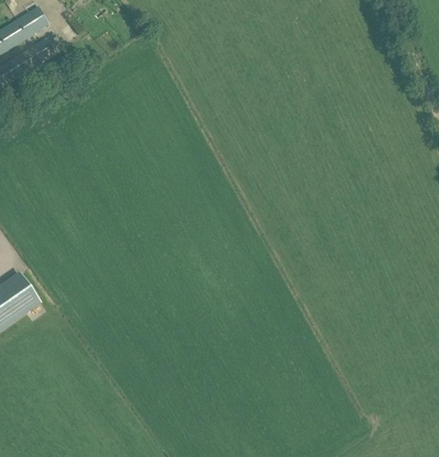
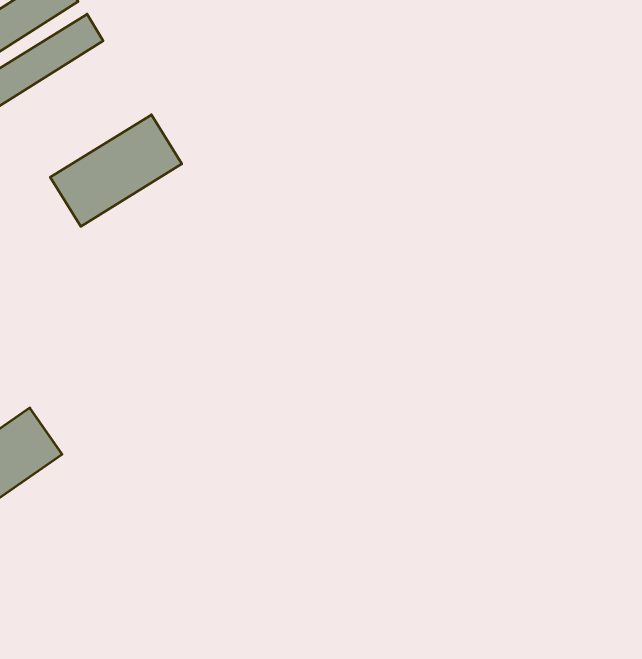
building: none -> [50,115,182,226]

